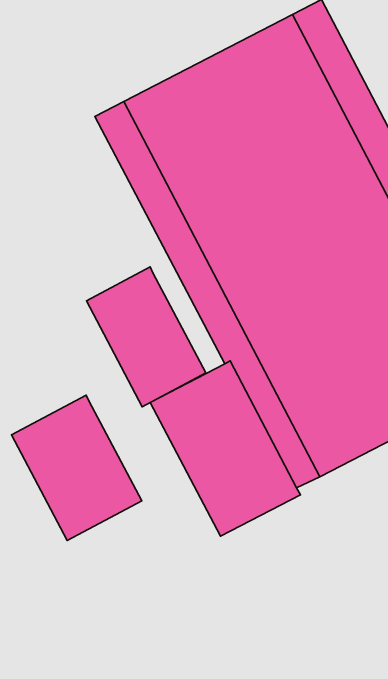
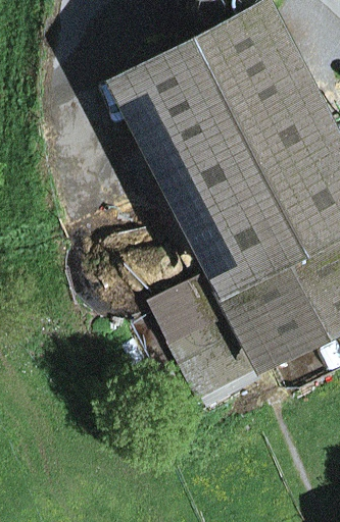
building: [86,267,206,407] -> none
building: [12,395,142,541] -> none

